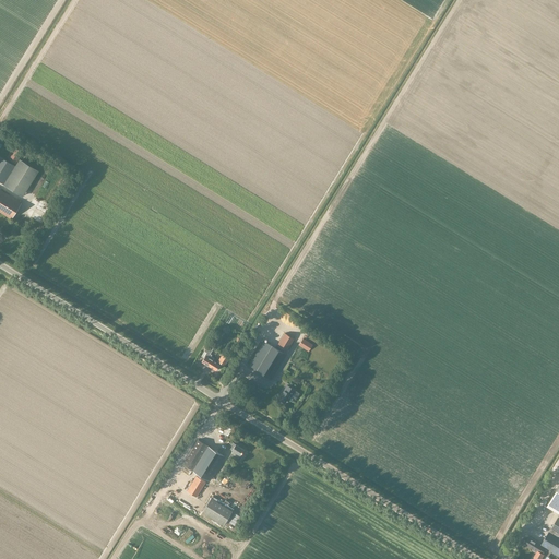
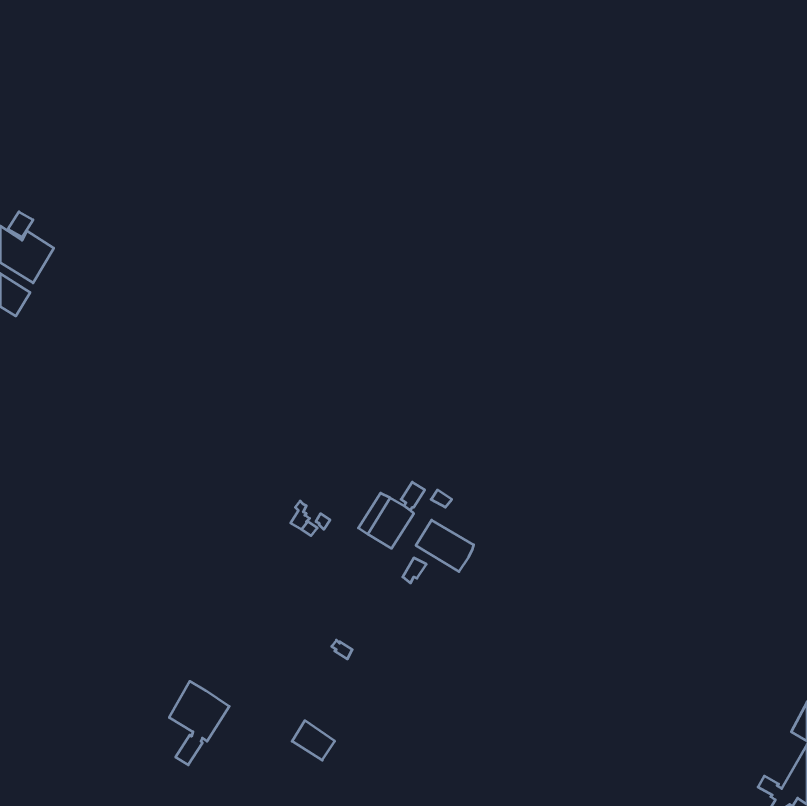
building: none -> [416,520,474,572]
building: [182,440,224,498] -> [169,681,229,765]

